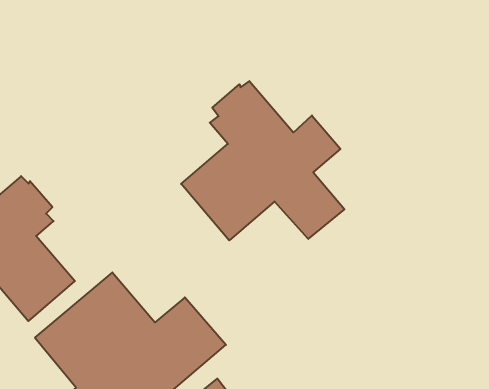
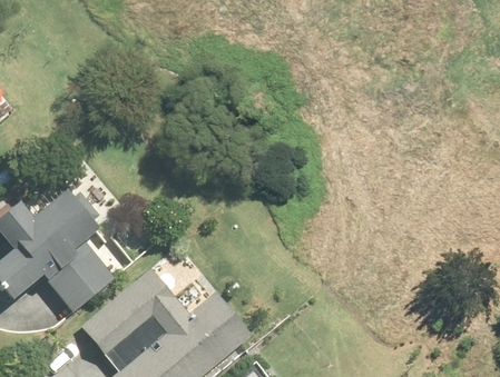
building: [181,81,344,240] -> none

